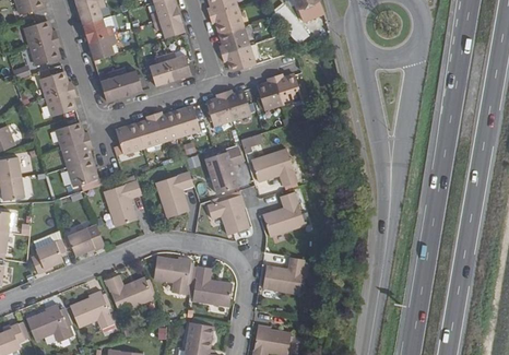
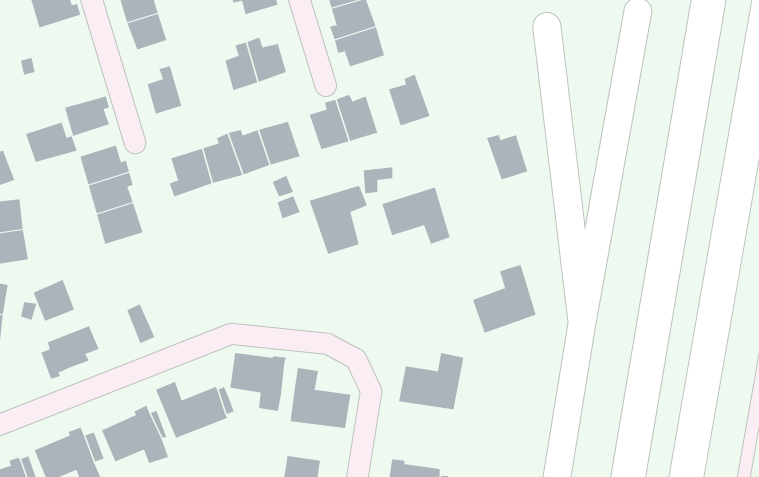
building: [29,37,60,64] -> none
building: [115,67,142,96] -> none
building: [39,71,73,97] -> [25,122,77,163]
building: [273,73,300,103] -> [486,135,528,180]
building: [155,170,193,217] -> none
building: [103,179,141,226] -> none
building: [262,191,304,236] -> [472,264,536,334]
building: [206,193,248,234] -> none
building: [67,228,94,256] -> [33,279,75,321]

